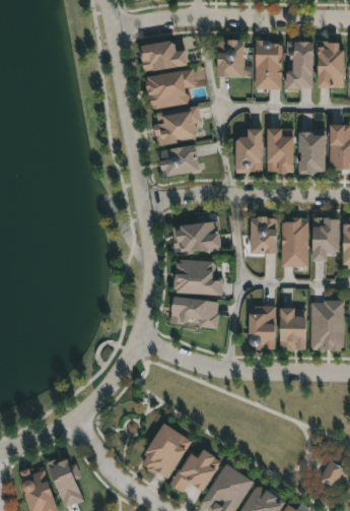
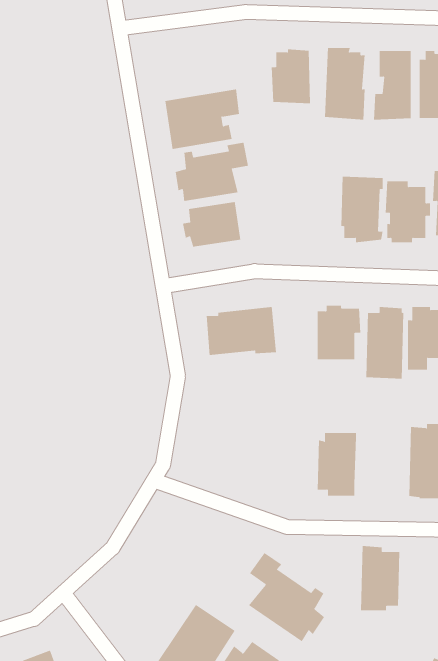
building: [138,41,186,74] -> none
building: [234,130,263,174] -> none
building: [174,258,223,295] -> none
building: [169,294,220,328] -> none
building: [280,304,307,348] -> [360,546,400,611]
building: none -> [248,552,325,642]

